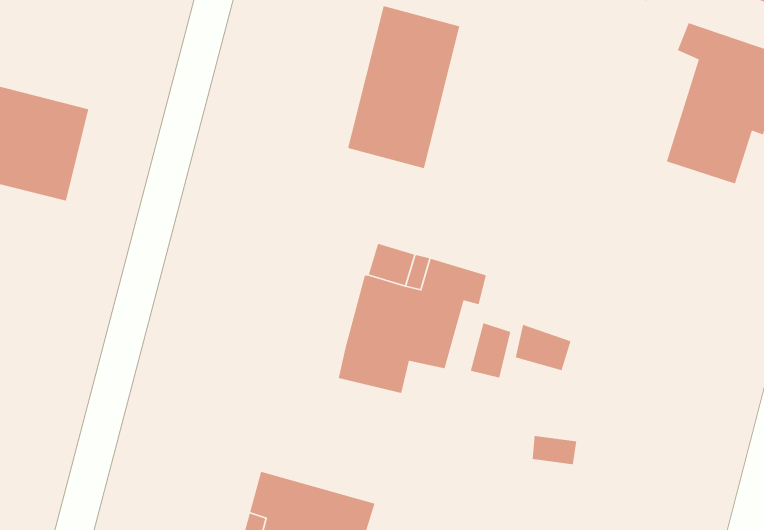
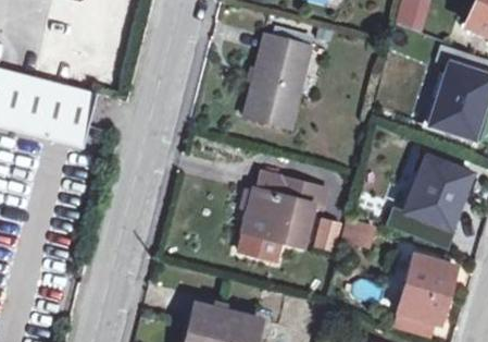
building: none -> [385,155,472,248]
building: none -> [397,254,451,321]

